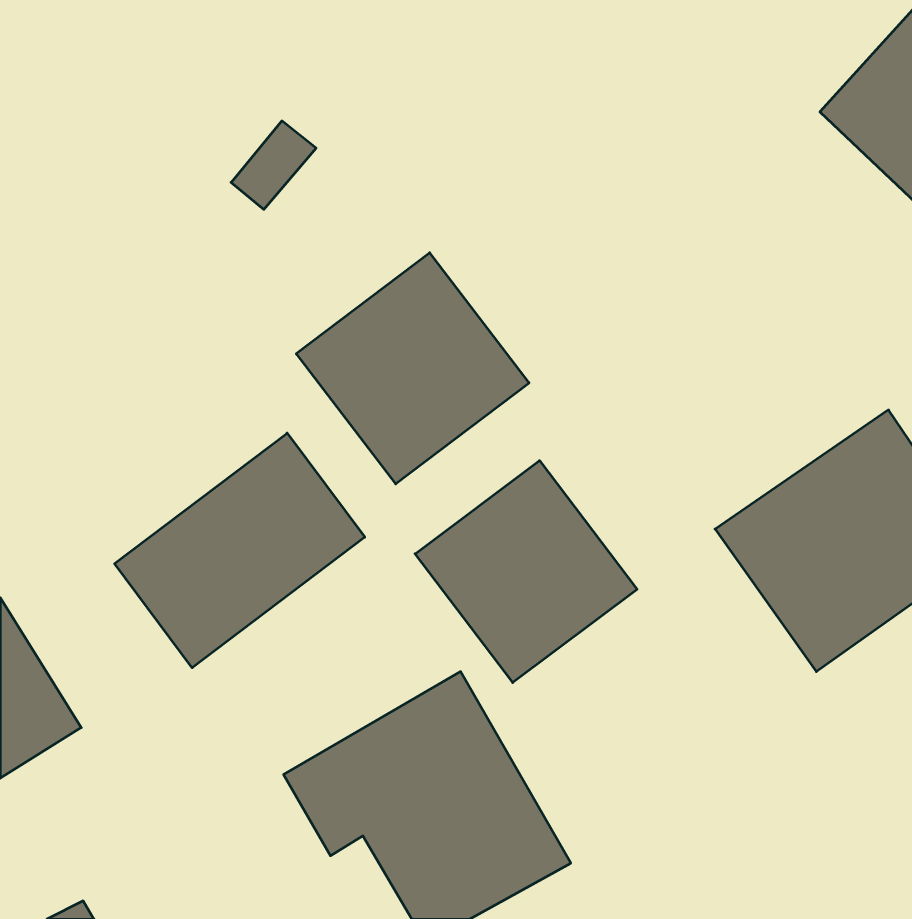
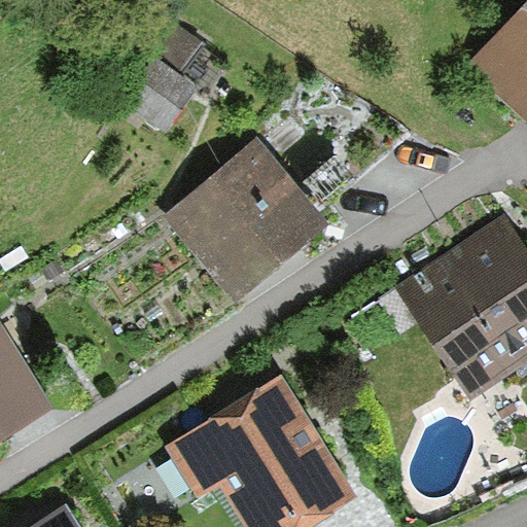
building: [115,433,365,668] -> none
building: [415,461,637,683] -> none

